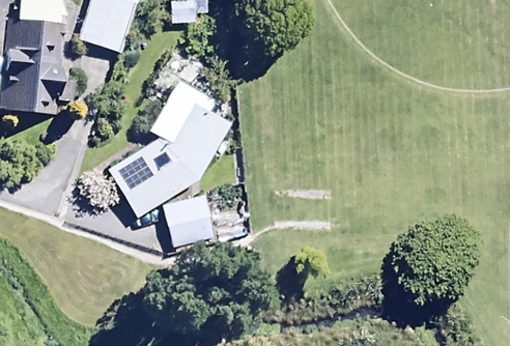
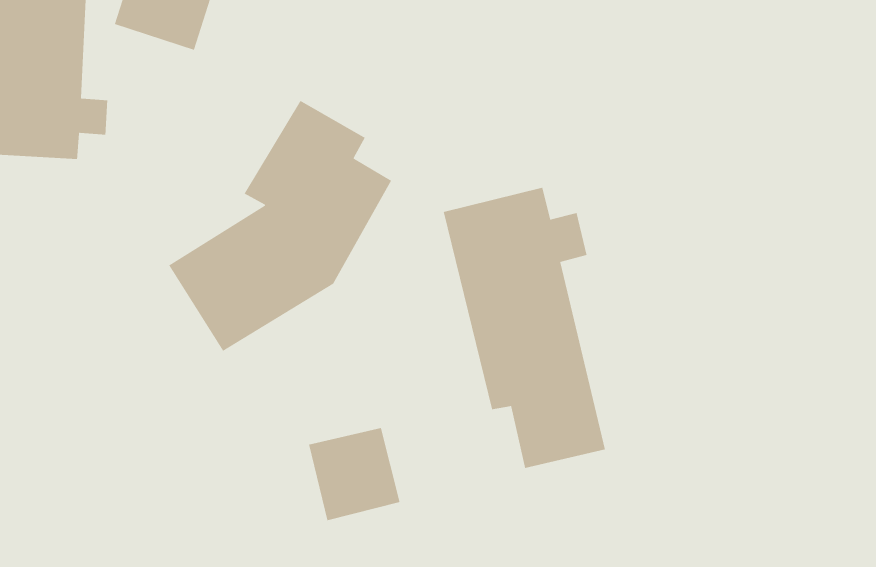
building: none -> [443,187,606,469]
building: [163,194,214,246] -> [308,427,400,521]

